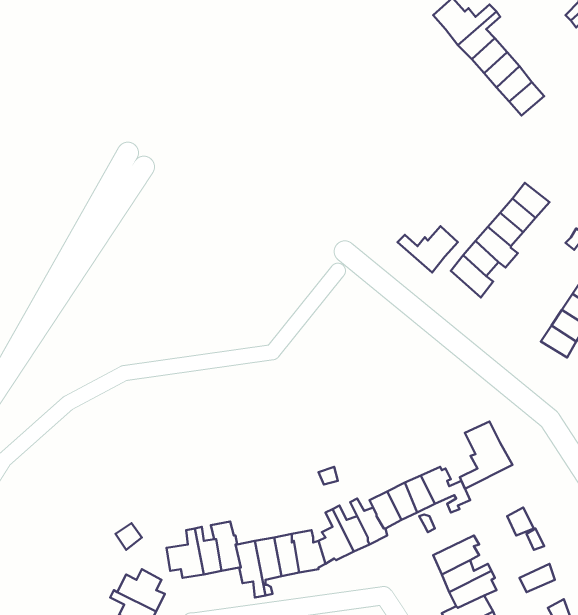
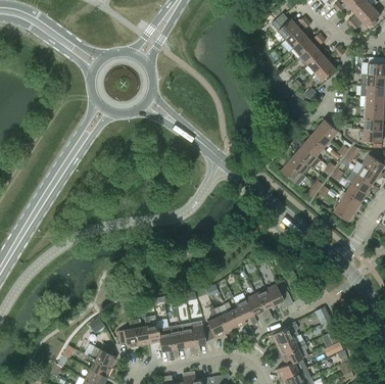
building: [398,226,458,273] -> none
building: [460,421,512,489] -> none

